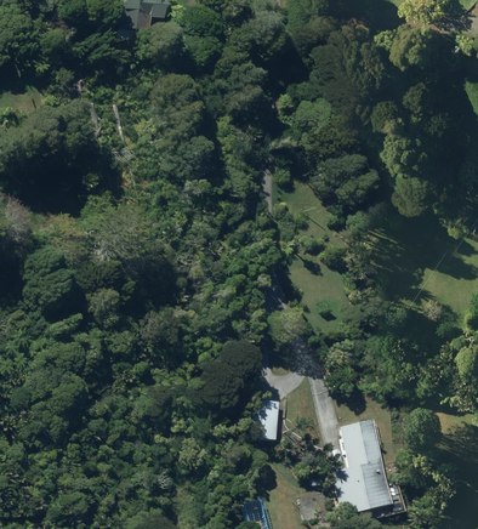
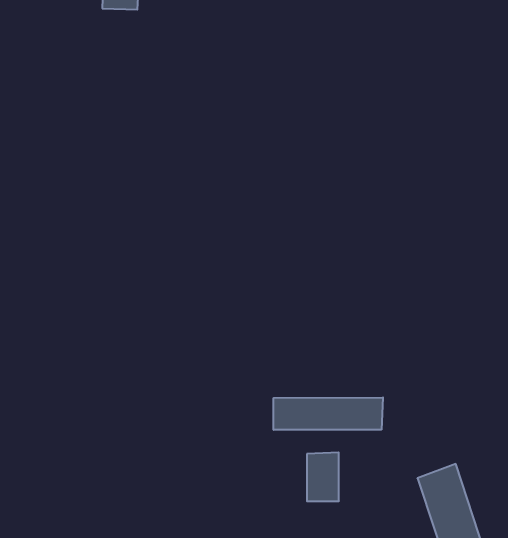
building: none -> [274,397,383,430]

